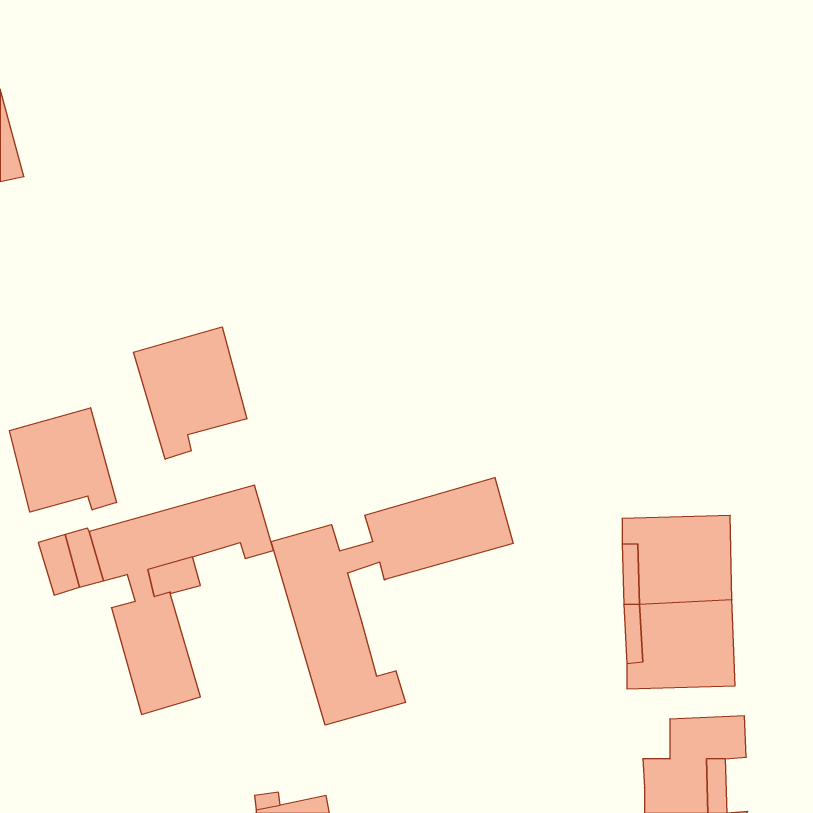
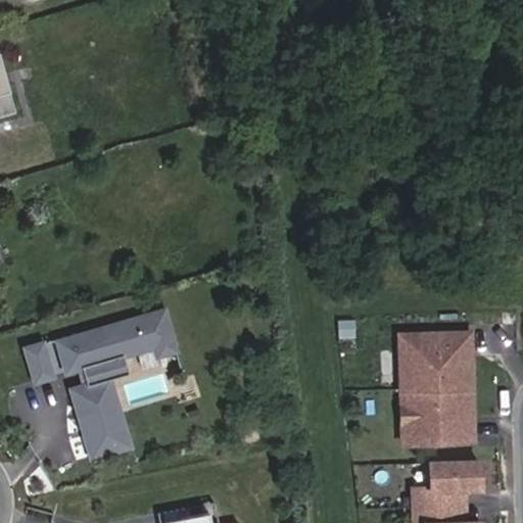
building: [134,327,247,459] -> none
building: [10,408,117,512] -> none
building: [271,477,513,725] -> none

